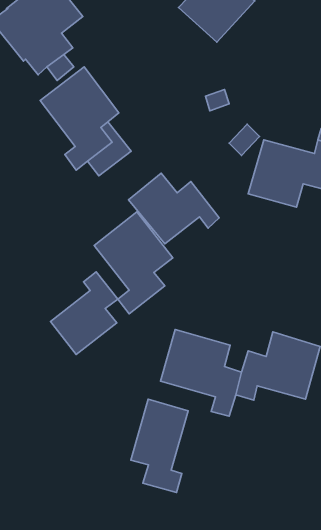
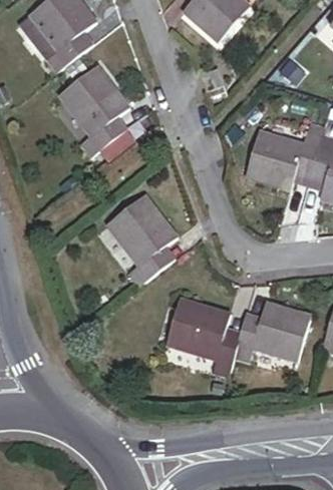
building: [128,173,219,244] -> none
building: [51,272,118,355] -> none
building: [131,399,188,493] -> none

